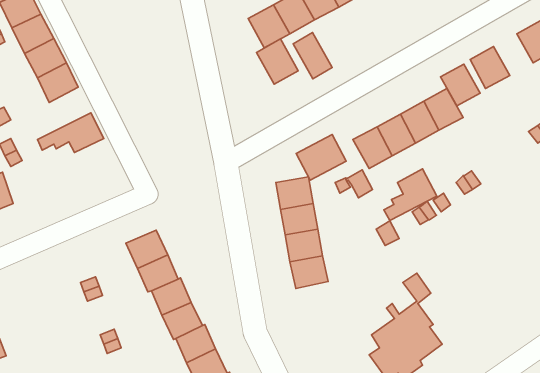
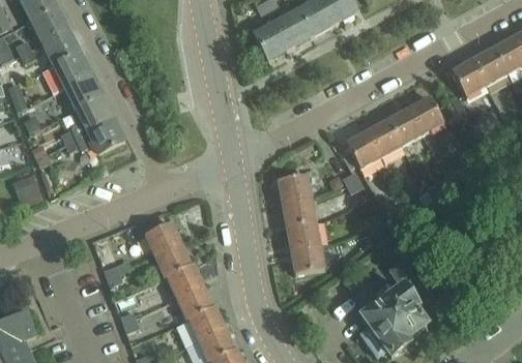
building: [293,33,332,79] -> none
building: [256,39,298,84] -> none
building: [441,64,480,106] -> [471,48,506,85]
building: none -> [60,95,113,142]
building: [296,135,346,180] -> none
building: [384,169,437,221] -> none

